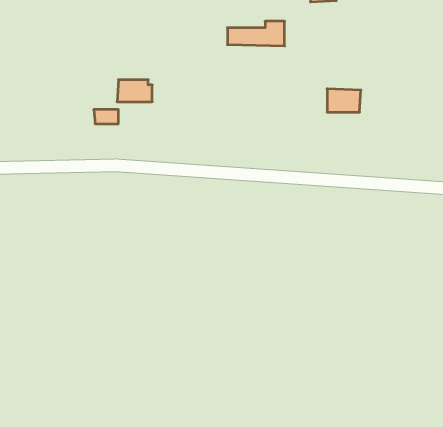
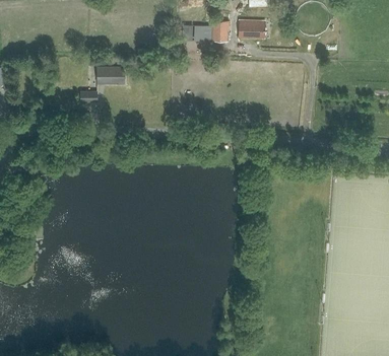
building: [327,89,361,112] -> [239,20,265,39]

